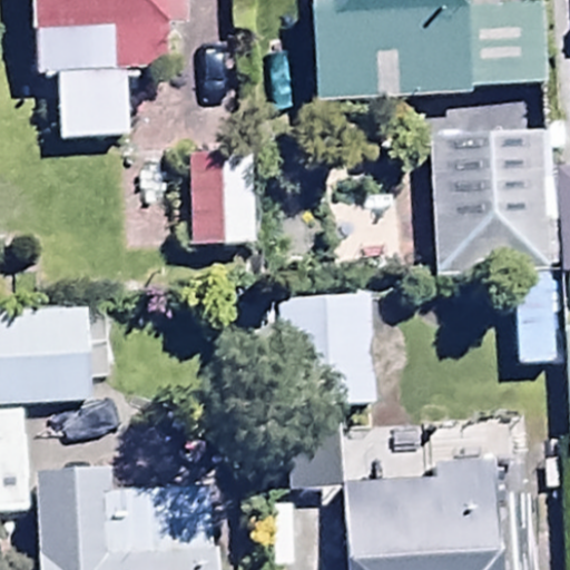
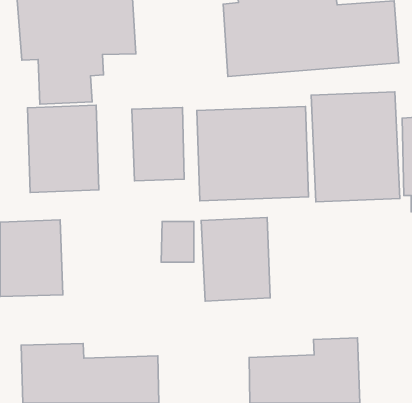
building: none -> [28,105,99,193]
building: none -> [197,106,309,201]

